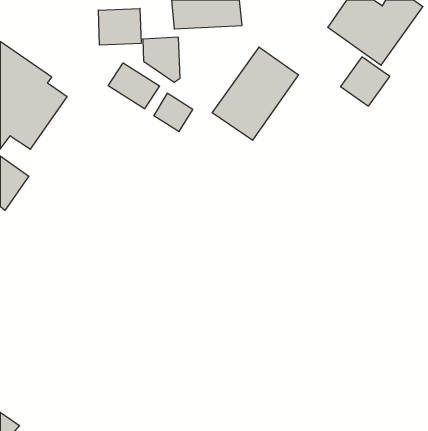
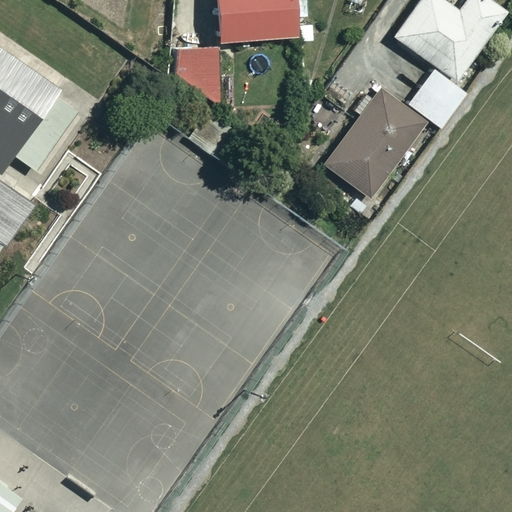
building: [98,8,141,45] -> none
building: [212,47,299,140] -> [323,88,425,198]
building: [108,63,160,109] -> none

